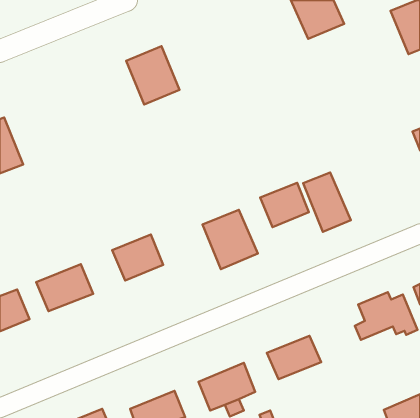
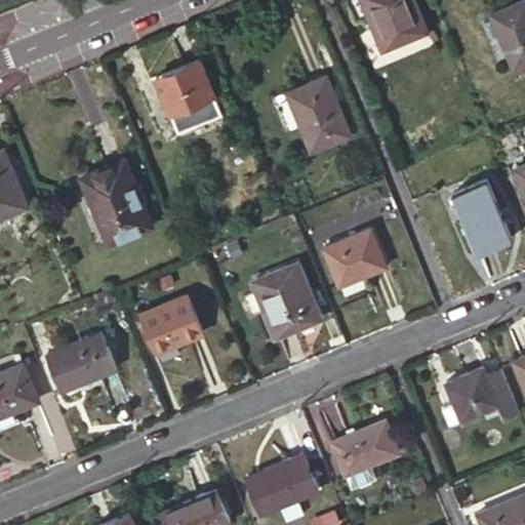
building: none -> [286,79,349,153]
building: none -> [83,161,152,245]
building: [303,172,351,232] -> [452,180,512,254]

